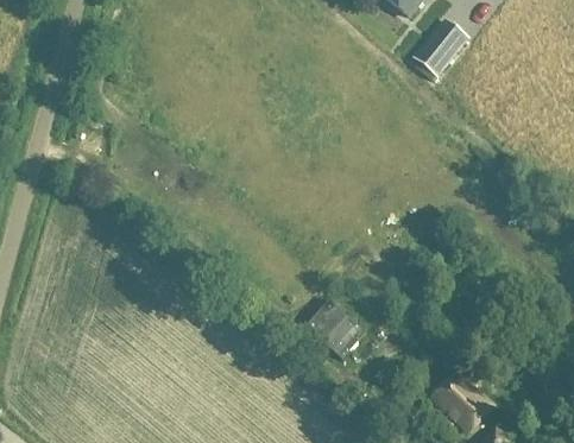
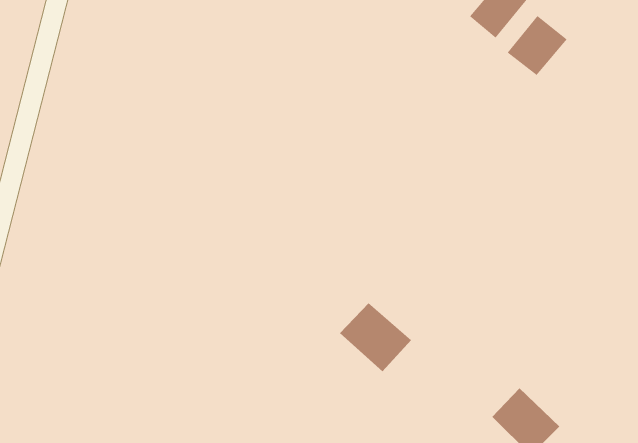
building: none -> [507,15,567,76]

